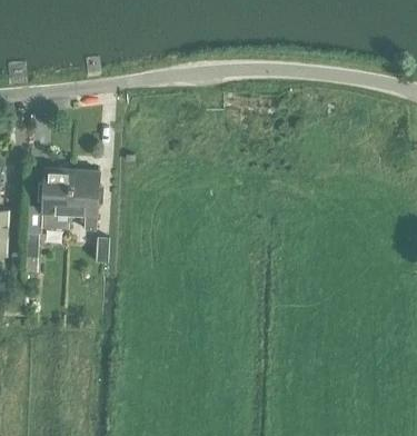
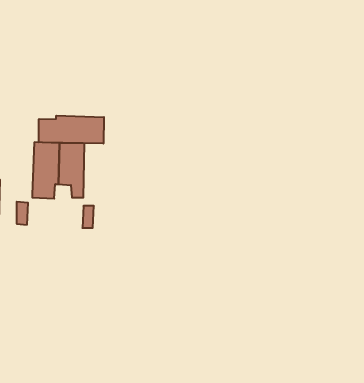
building: none -> [39,116,104,144]

